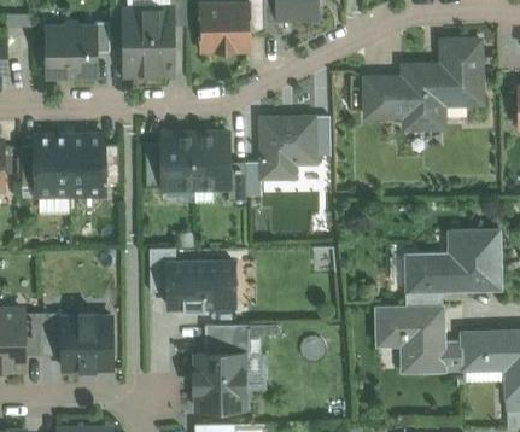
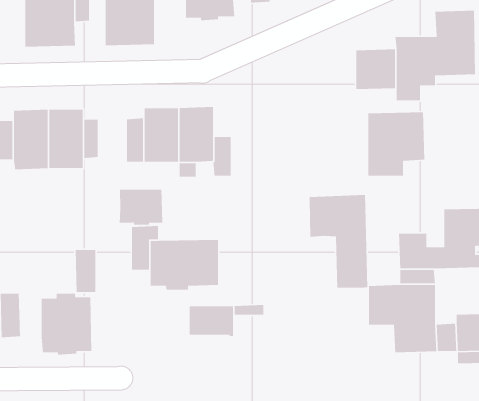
building: [261,116,316,179] -> [368,111,425,177]
building: none -> [119,189,163,226]
building: none -> [309,194,368,289]
building: [42,313,63,355] -> [75,249,96,293]
building: [194,354,245,409] -> none

